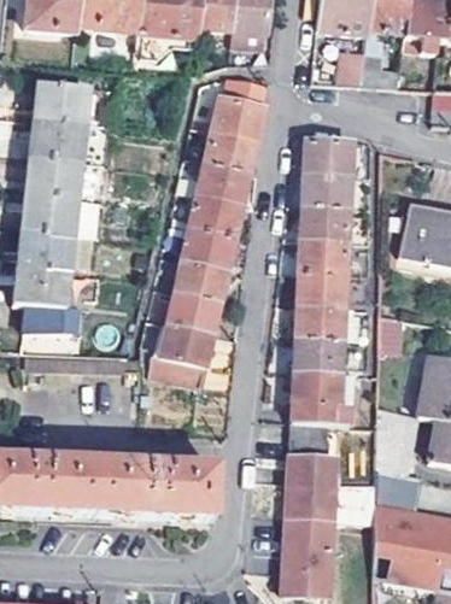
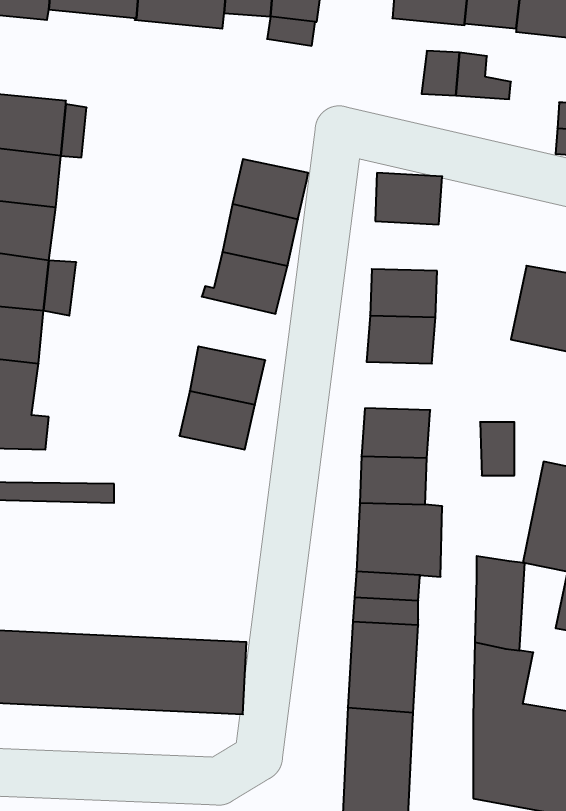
building: [212,76,268,137] -> none
building: [303,171,350,206] -> none
building: [181,224,235,269] -> none
building: [298,270,345,304] -> none
building: [148,321,213,383] -> none

